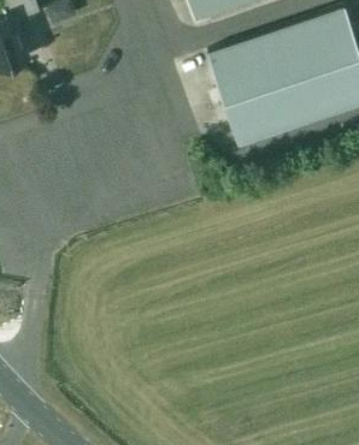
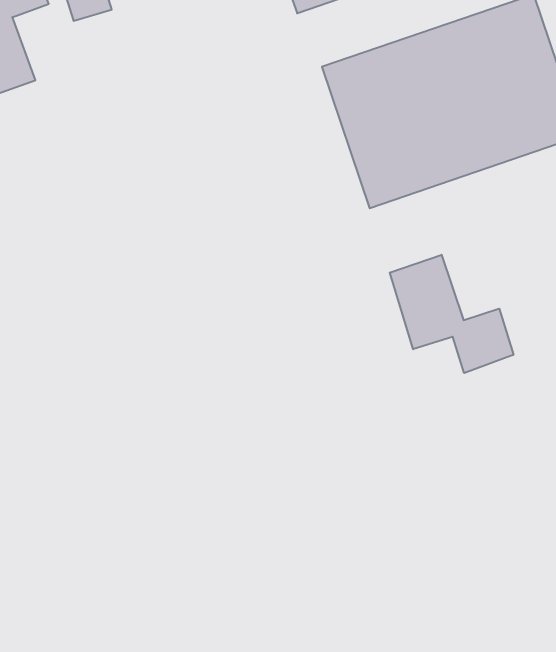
building: none -> [390,255,513,373]

